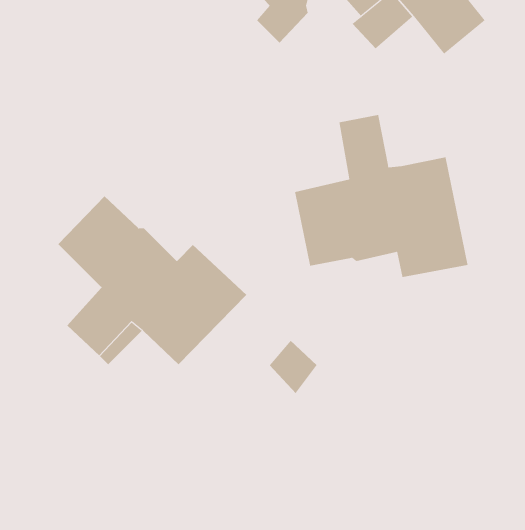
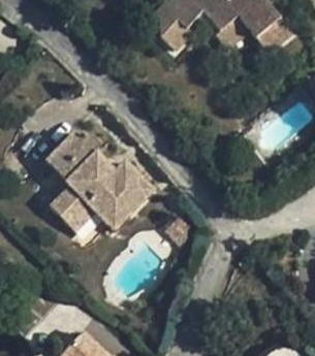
building: [295,114,468,278] -> none

